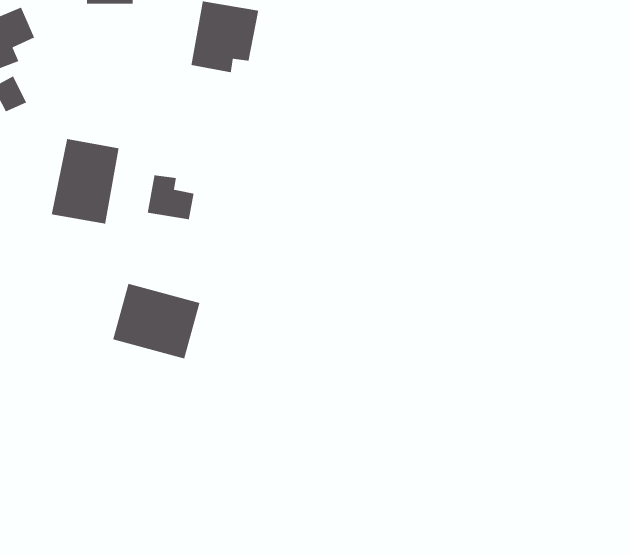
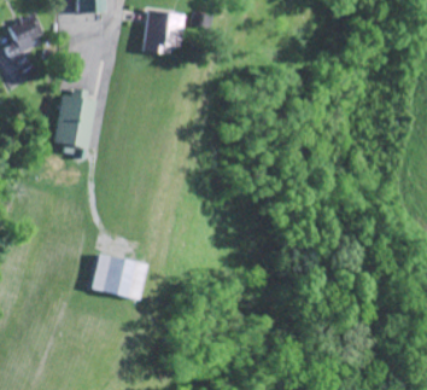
building: [147,174,195,220] -> none
building: [112,283,200,359] -> [88,252,142,299]

